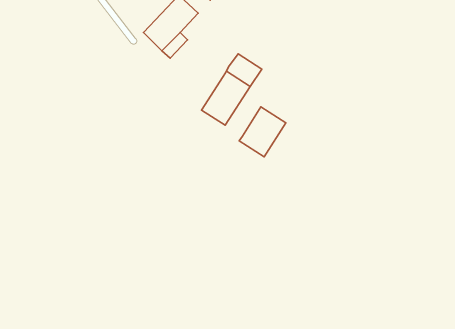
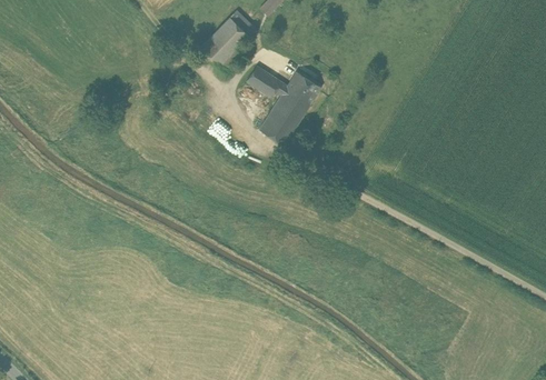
building: none -> [246,64,286,97]
building: [239,107,286,157] -> none

